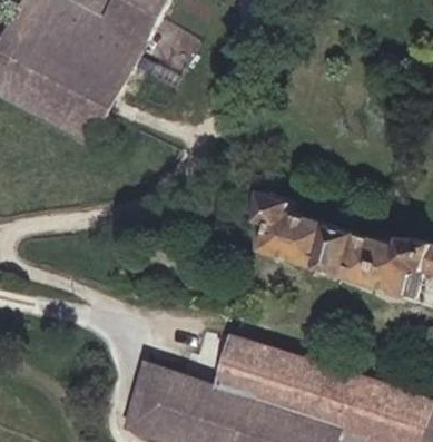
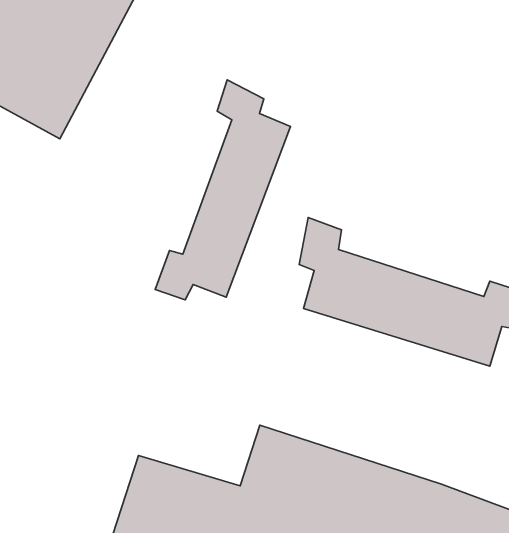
building: none -> [155,80,291,300]

